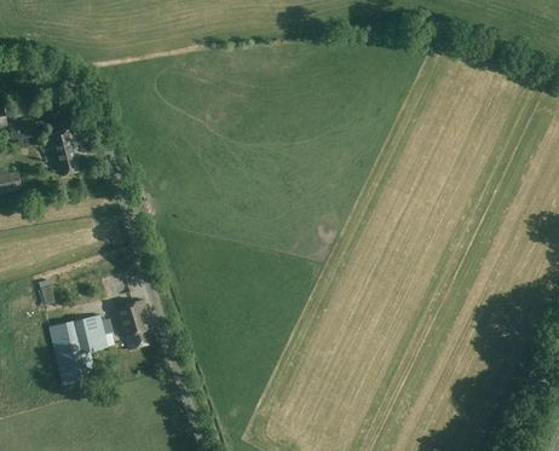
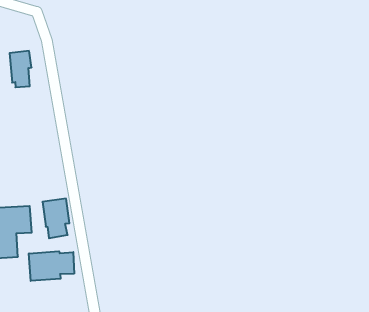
building: none -> [29,251,74,281]

